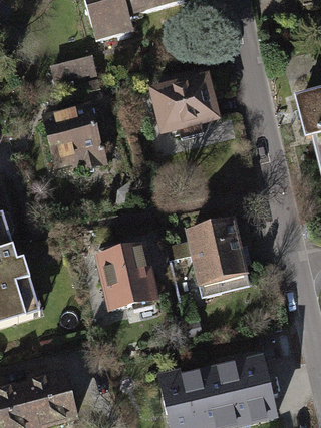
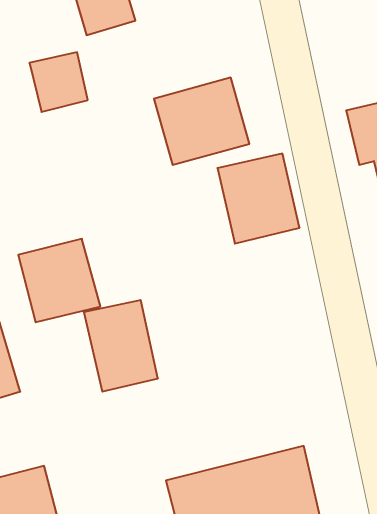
building: [41,103,103,166] -> [18,239,100,322]
building: [186,218,248,286] -> [217,154,300,244]

